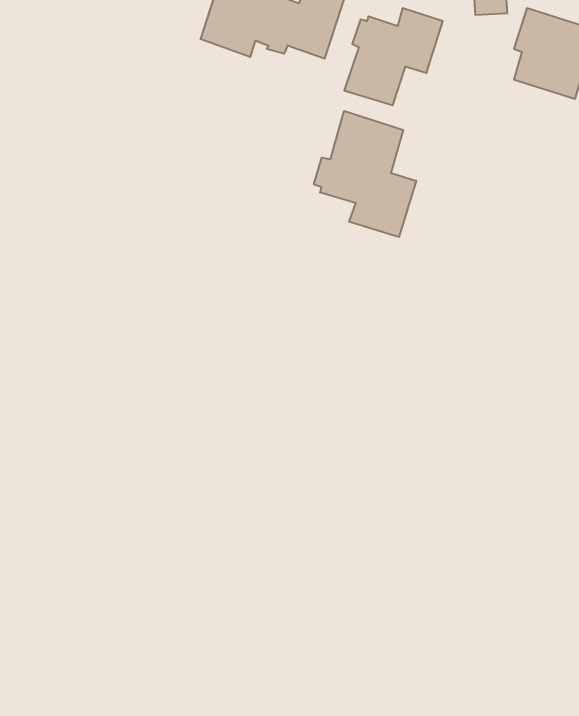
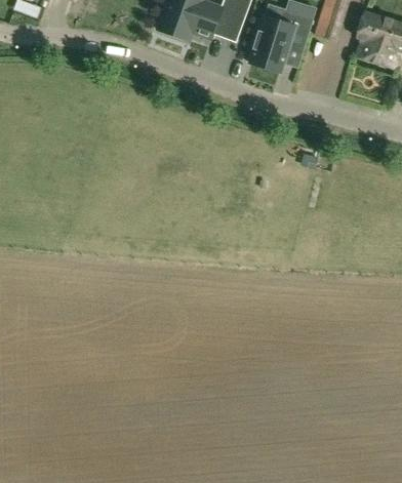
building: [314,111,416,237] -> none

